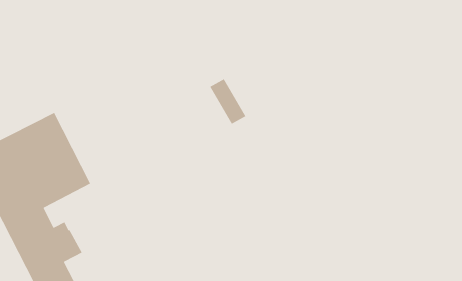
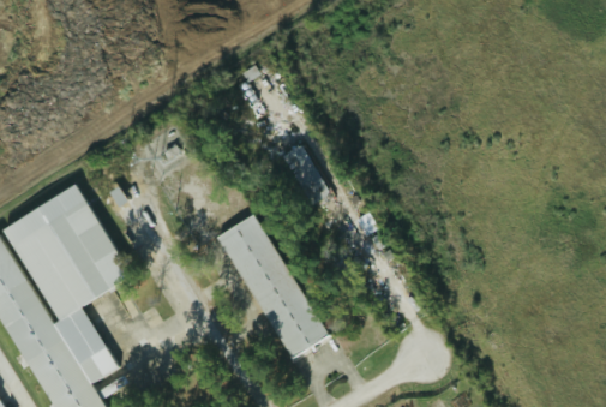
building: none -> [217,210,325,357]

